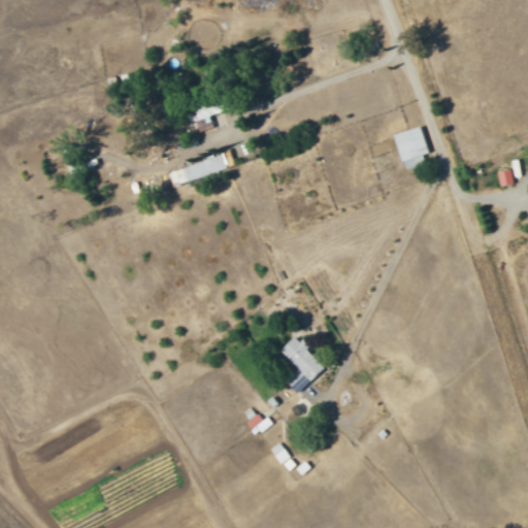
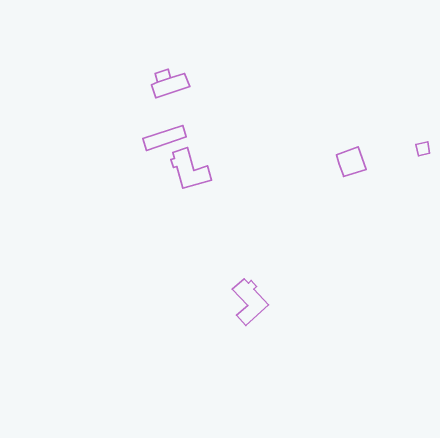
building: [394,126,429,161] -> [337,147,366,176]
building: none -> [171,148,212,188]

